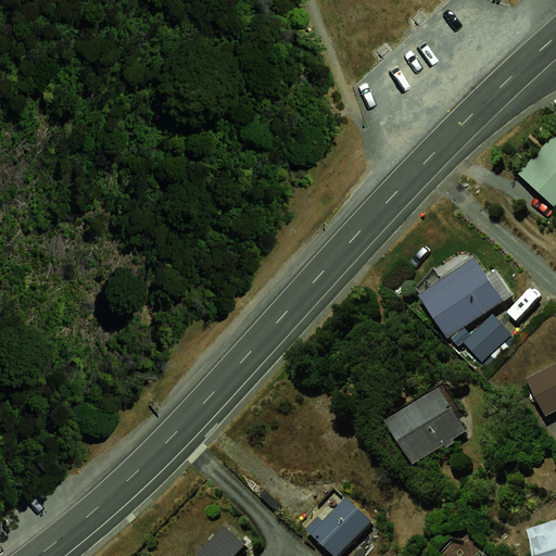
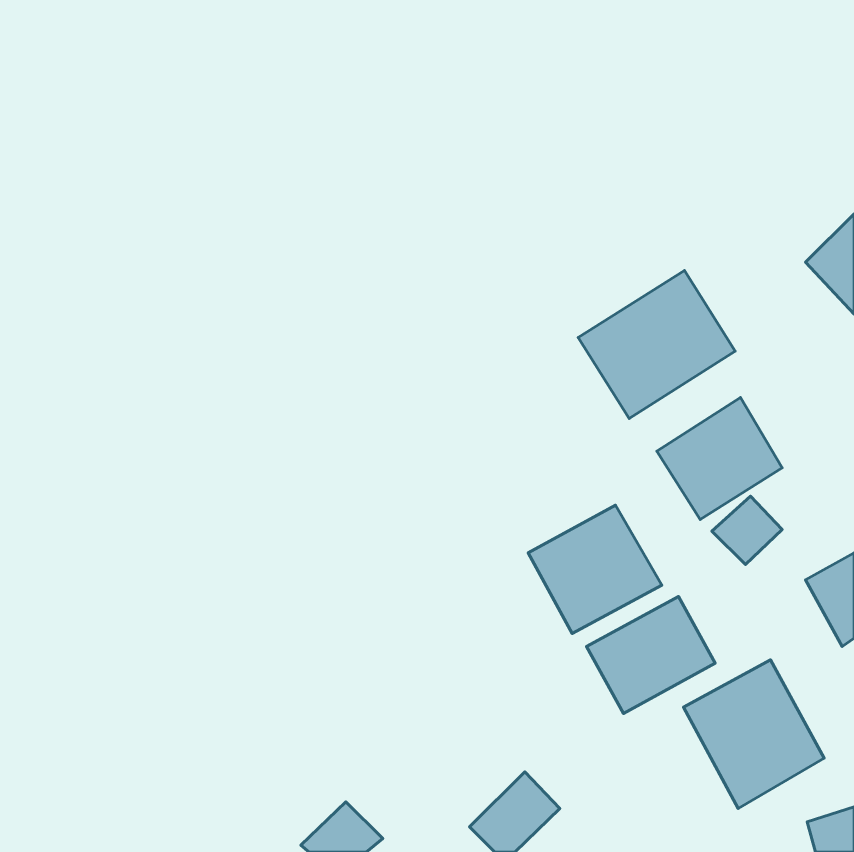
building: none -> [578,270,735,418]
building: none -> [528,505,662,634]
building: none -> [683,660,824,808]

